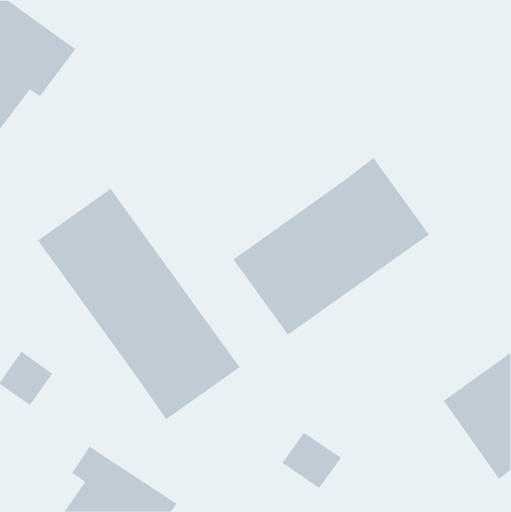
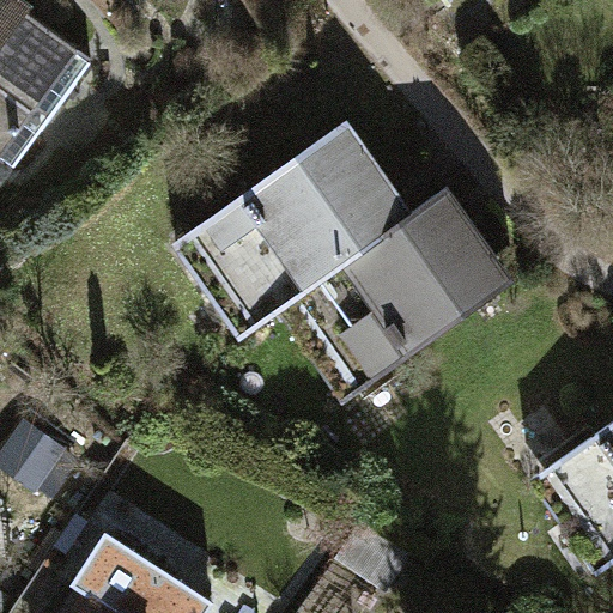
building: none -> [175,122,412,336]
building: [37,188,241,420] -> none

